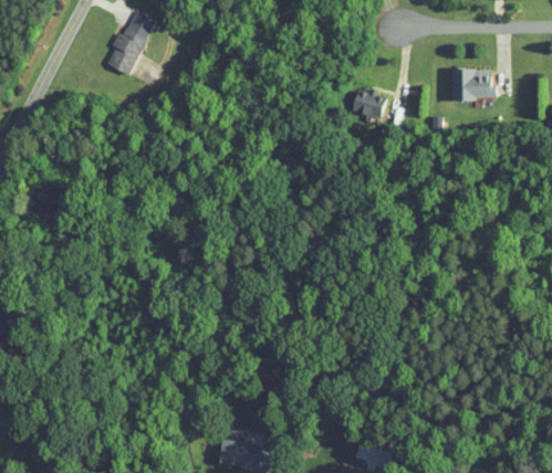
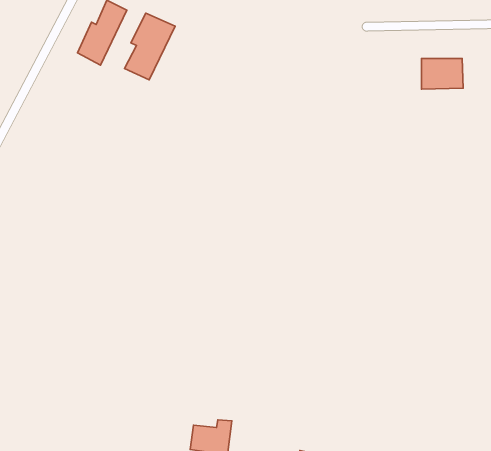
building: none -> [125,13,175,80]
building: [352,88,386,120] -> none

